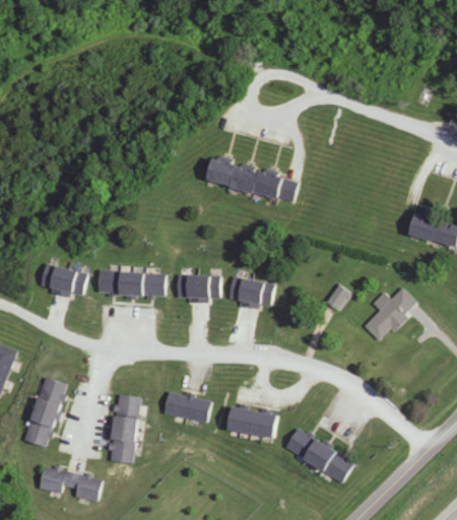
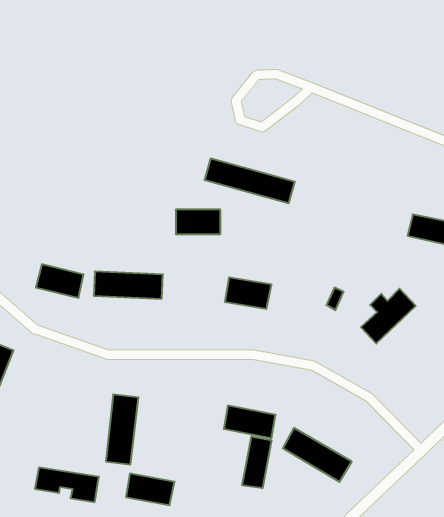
building: [176,276,220,301] -> [176,210,220,234]
building: [24,377,66,449] -> none
building: [162,391,211,422] -> [126,474,175,505]
building: none -> [242,436,272,488]

